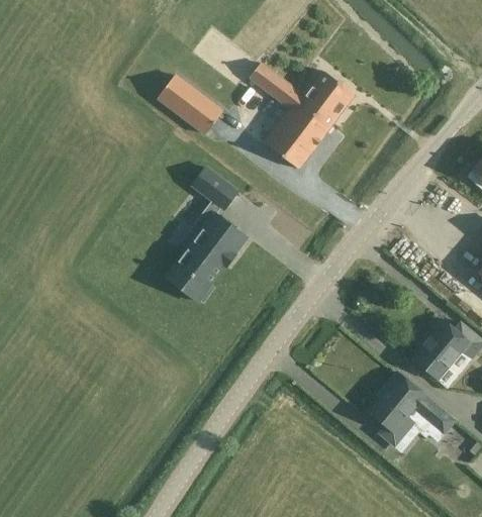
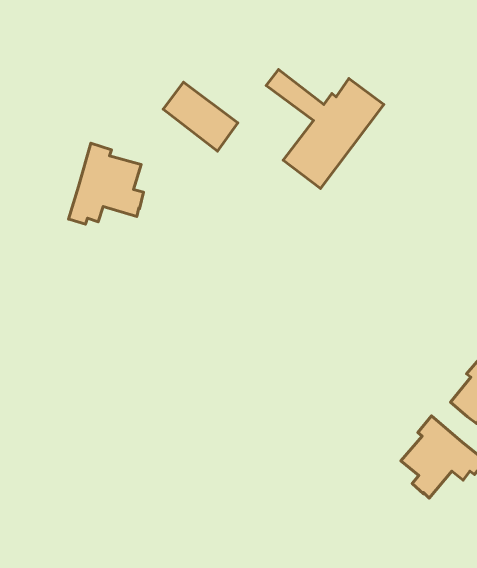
building: none -> [69,143,144,224]
building: [166,167,246,302] -> none

